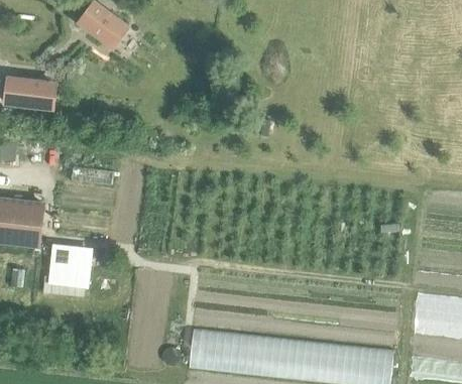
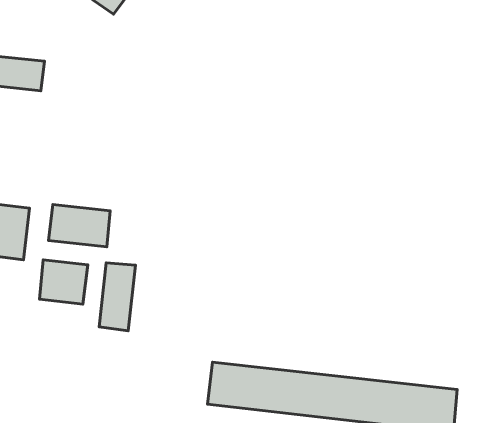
building: none -> [48,205,110,247]
building: none -> [99,263,136,331]

